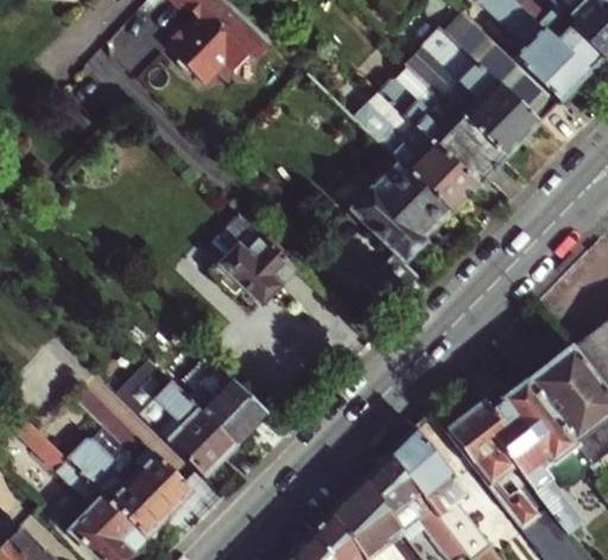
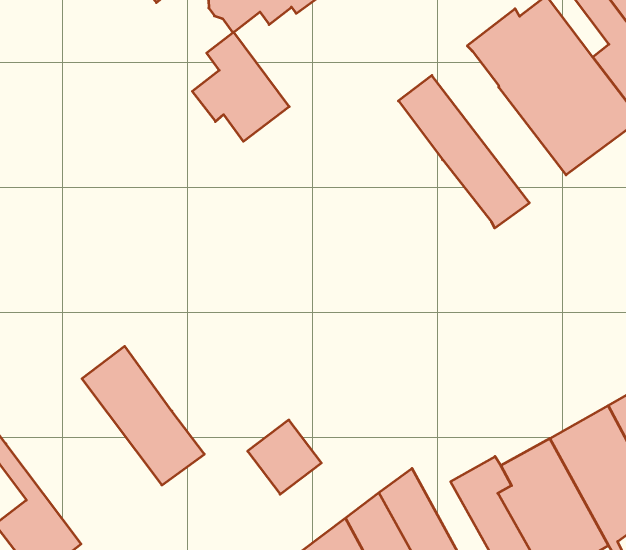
building: [379,65,506,186] -> none
building: [349,161,449,312] -> none
building: [214,212,298,304] -> [192,32,289,141]
building: [203,378,267,443] -> [248,420,321,494]
building: [66,384,190,535] -> none

